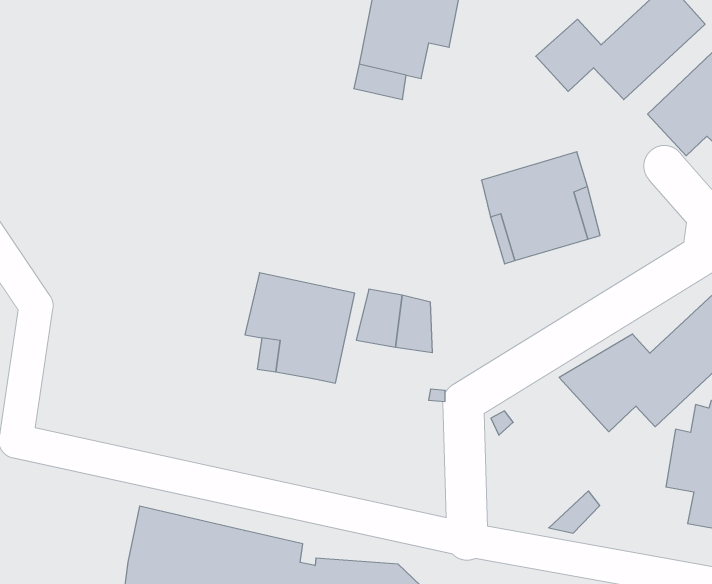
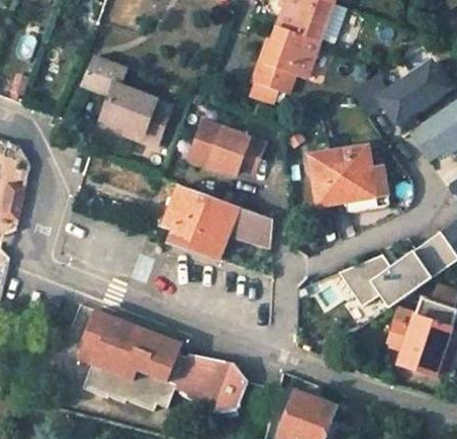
building: none -> [82,59,173,147]
building: none -> [190,120,264,173]

